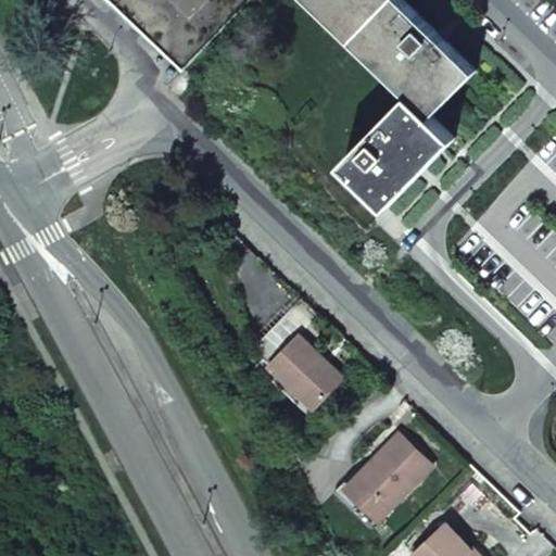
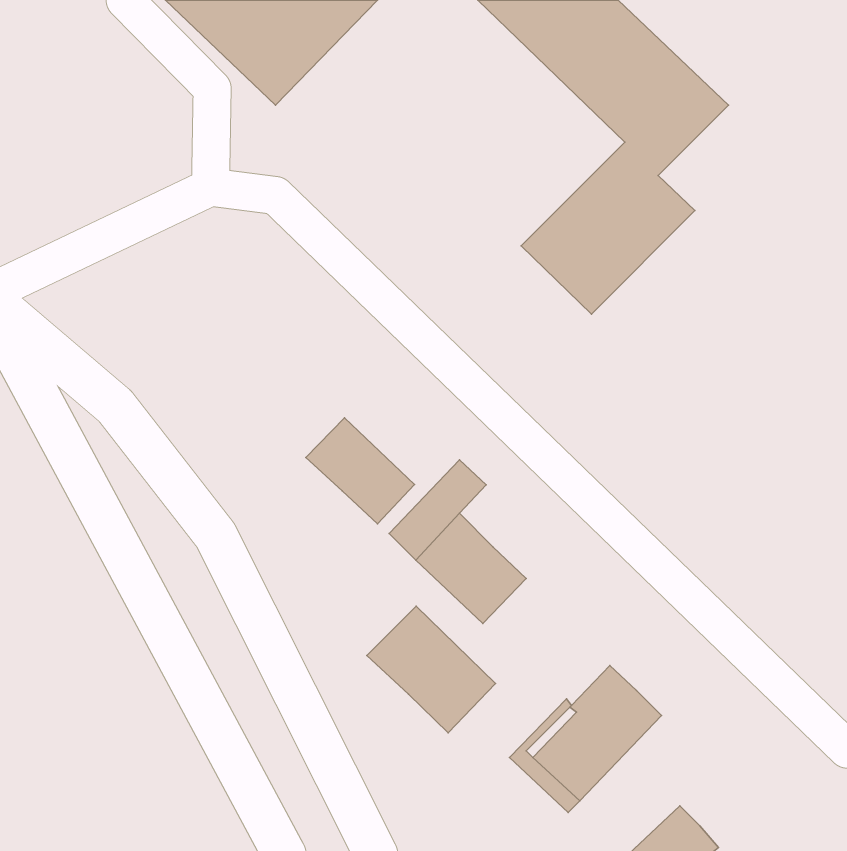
building: none -> [306,418,414,524]
building: none -> [367,606,496,733]

